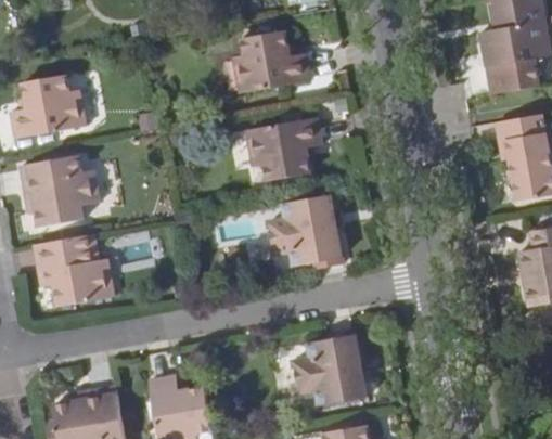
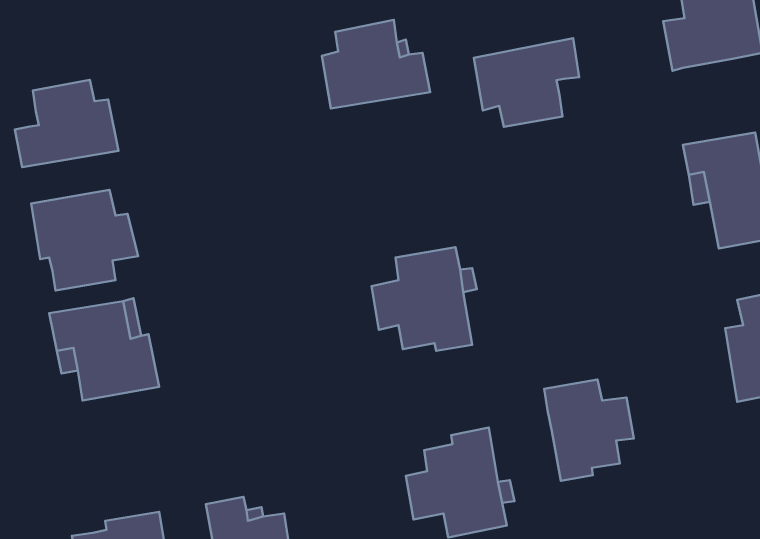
building: [492,60,534,94] -> none
building: [245,118,321,182] -> [474,38,579,127]
building: none -> [544,379,634,481]

